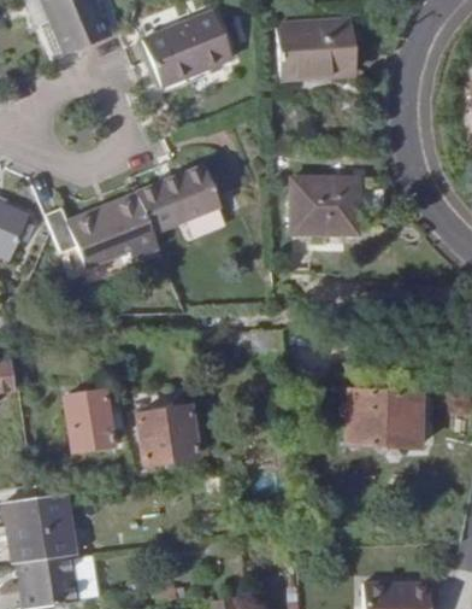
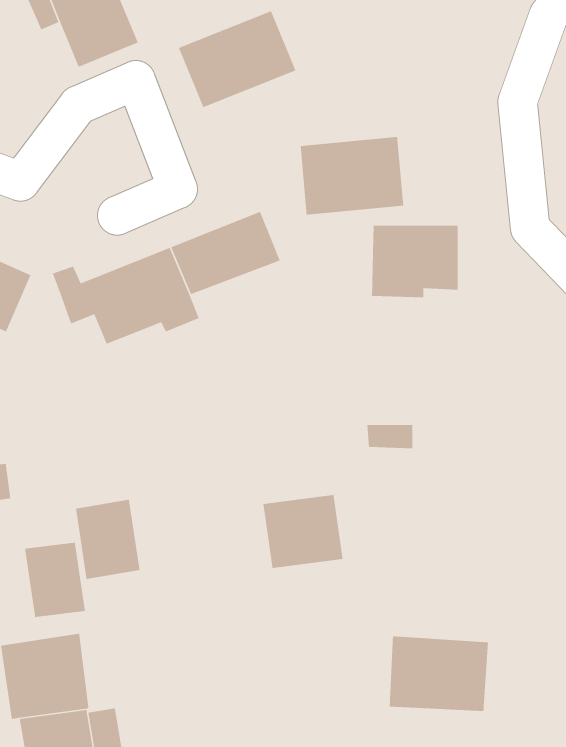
building: [277,21,358,82] -> [300,136,404,215]
building: [347,390,424,449] -> [389,636,489,712]
building: [136,406,199,464] -> [263,494,344,569]
building: none -> [24,542,86,618]

